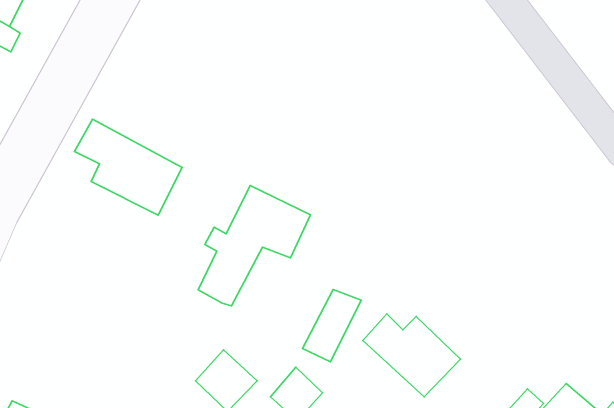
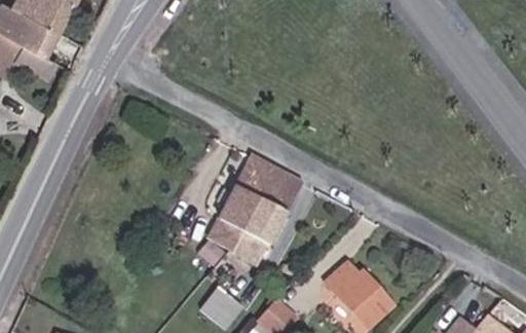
building: [75,119,182,215] -> none
building: [302,290,361,362] -> [228,207,273,262]

